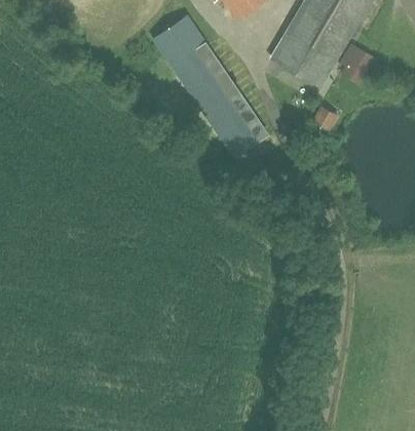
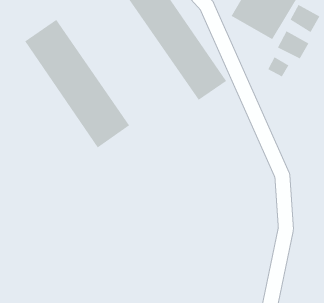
building: none -> [24,19,130,149]
building: none -> [277,30,309,59]

